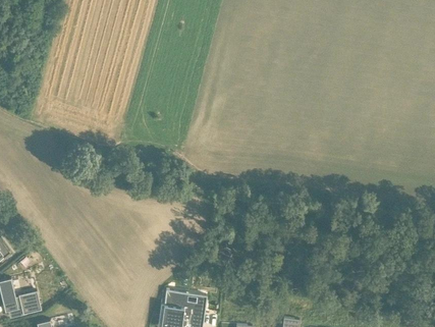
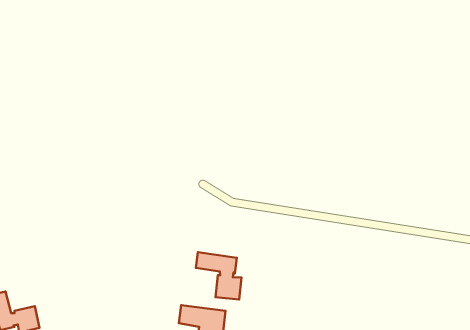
building: none -> [196,252,242,299]

